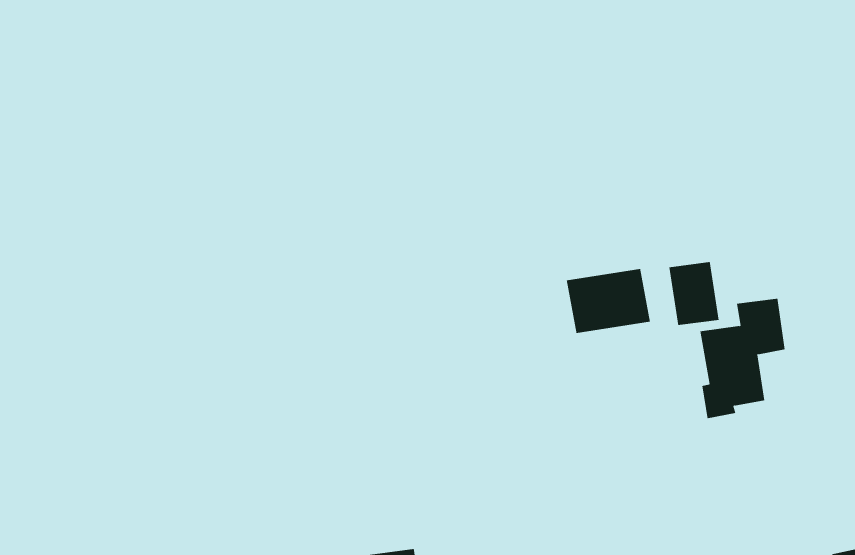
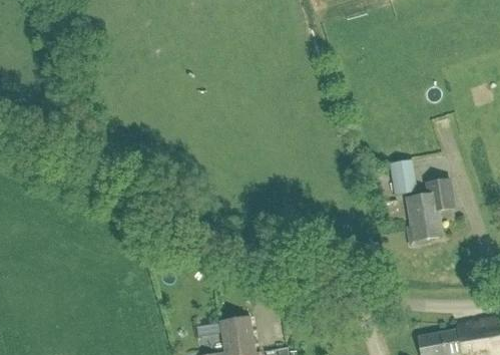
building: [566,268,650,334] -> none

